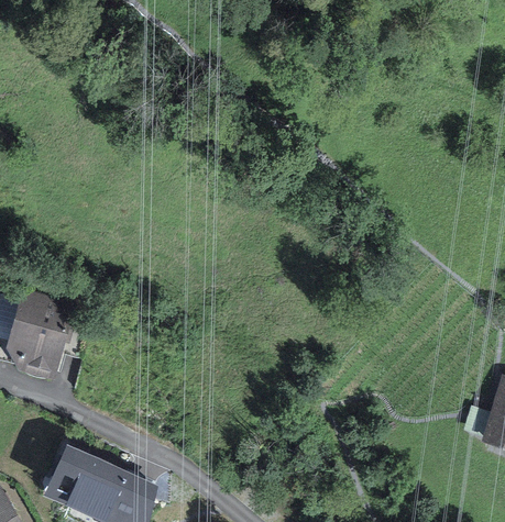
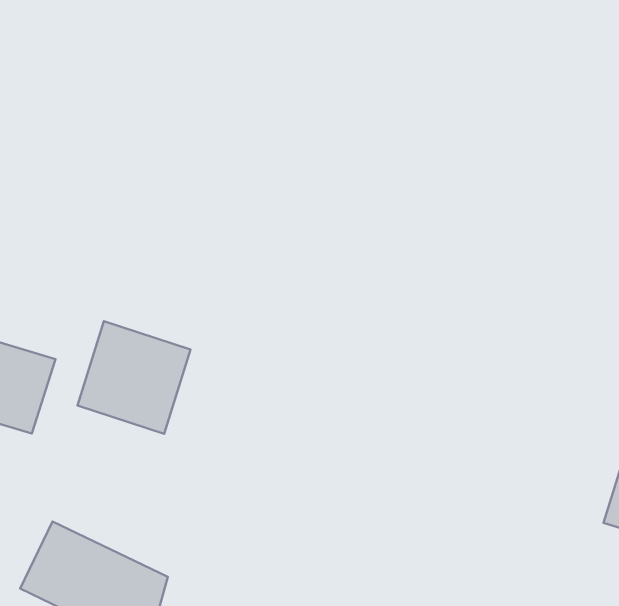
building: none -> [78,321,190,434]

